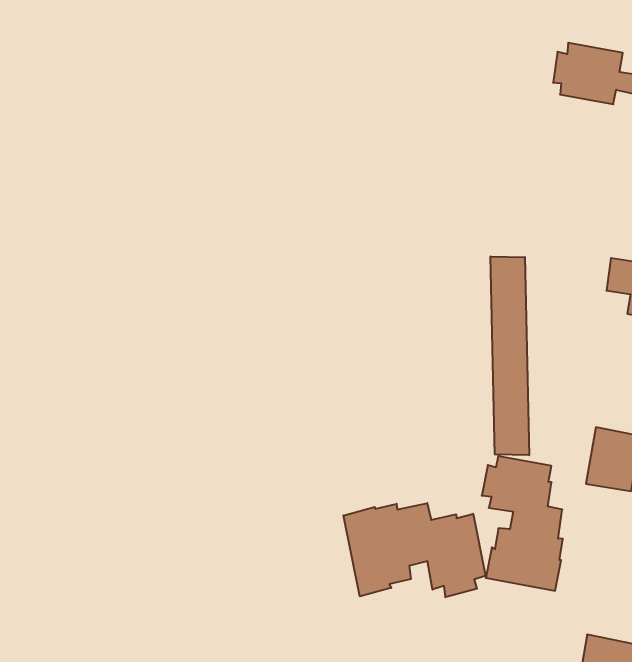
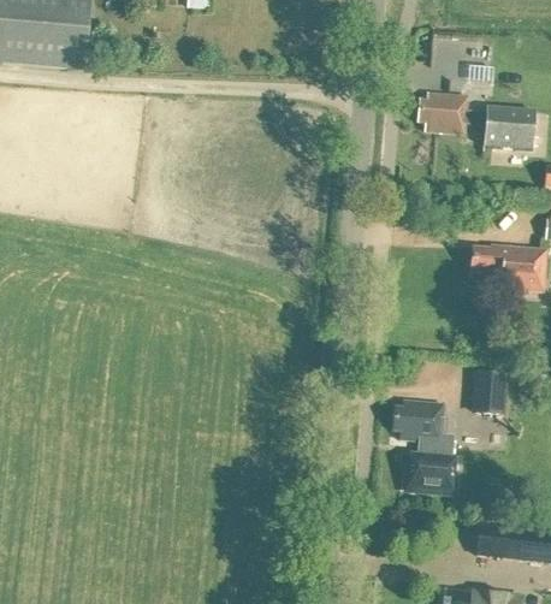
building: [491,256,529,455] -> none
building: [343,503,486,597] -> none

